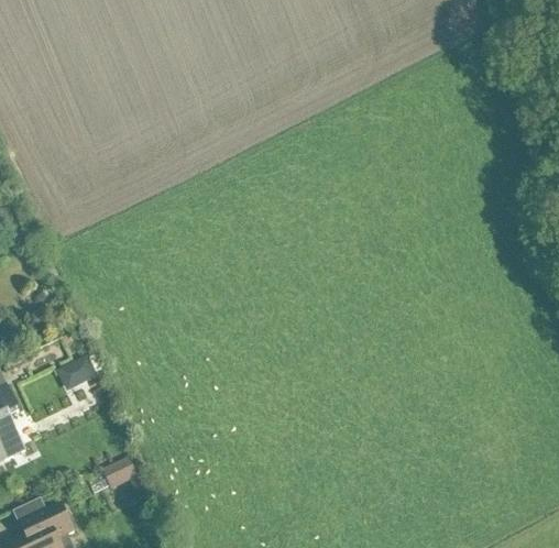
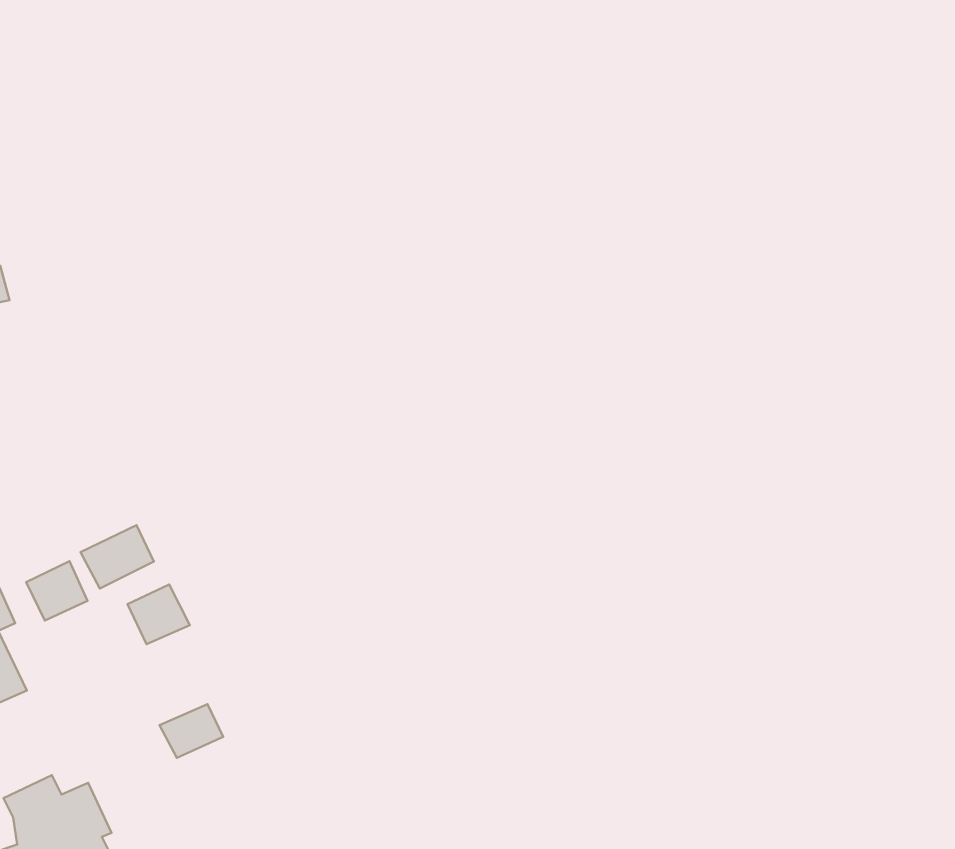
building: none -> [26,561,88,621]
building: none -> [127,584,190,644]

